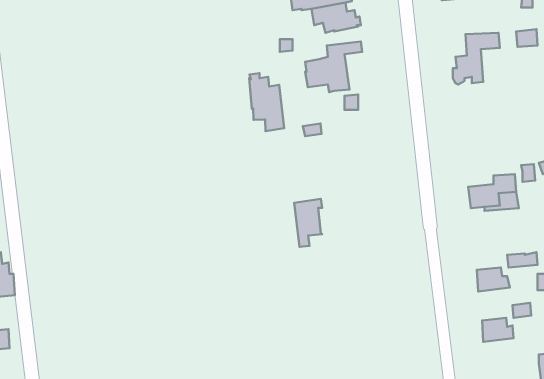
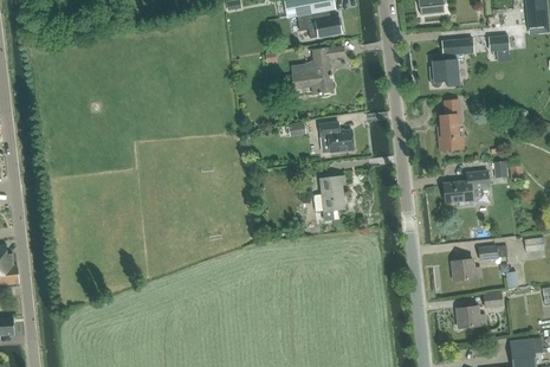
building: [249,73,284,131] -> none
building: none -> [436,98,462,150]
building: none -> [318,121,354,153]
building: [294,199,322,247] -> [318,175,344,220]

